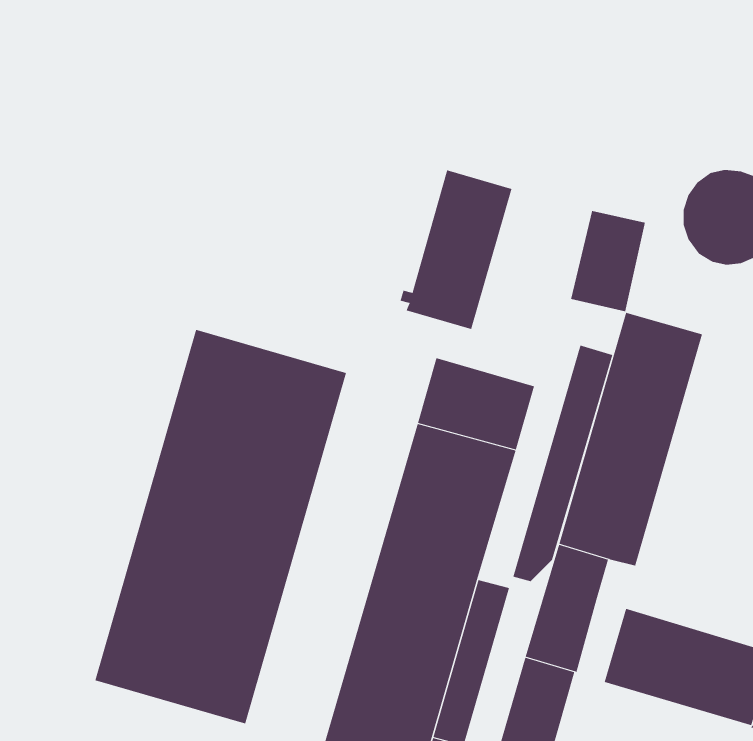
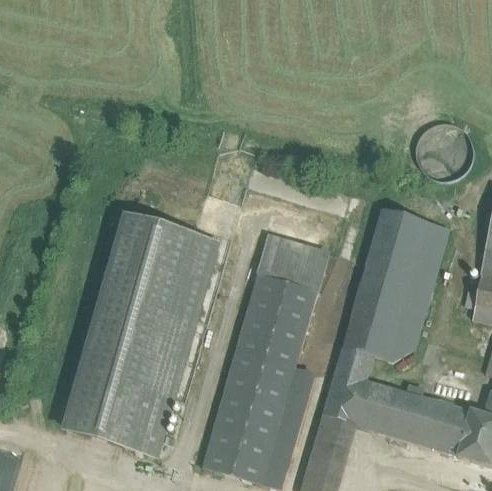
building: [400,170,512,330] -> none
building: [570,210,646,312] -> none
building: [512,345,613,582] -> [389,221,449,362]
building: none -> [354,379,383,428]

